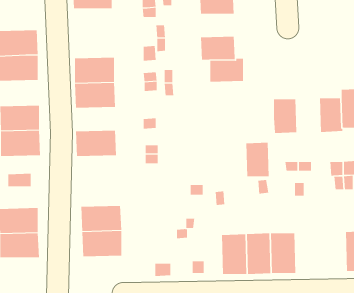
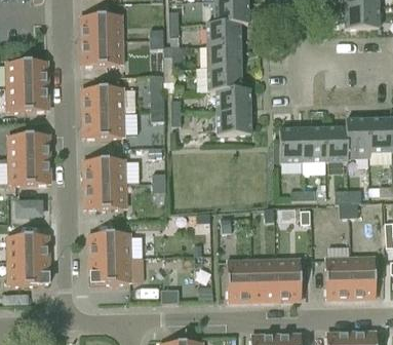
building: none -> [82,39,122,64]
building: none -> [207,44,241,67]
building: none -> [217,110,251,133]
building: [246,142,269,177] -> [302,126,325,160]
building: none -> [85,183,125,208]
building: none -> [325,258,351,298]

